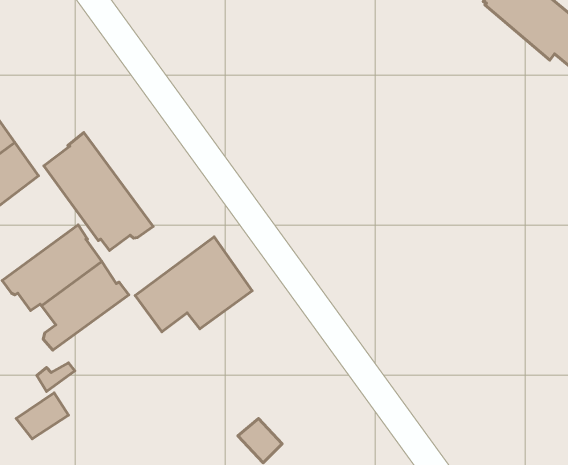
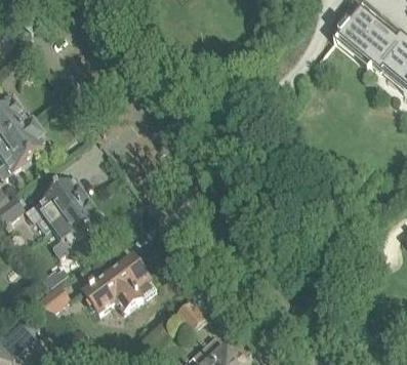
building: [44,133,153,250] -> none
building: [135,237,252,332] -> [80,253,156,315]

